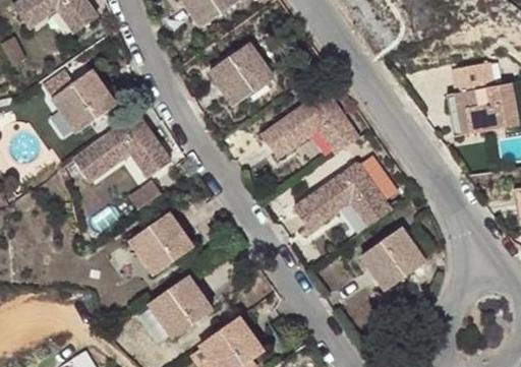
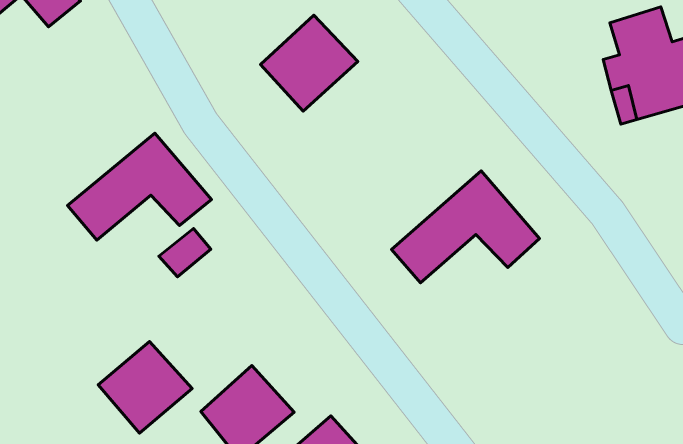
building: [53,68,115,128] -> none
building: [258,93,357,159] -> none
building: [128,212,191,273] -> [98,342,192,433]
building: [358,228,424,291] -> none

